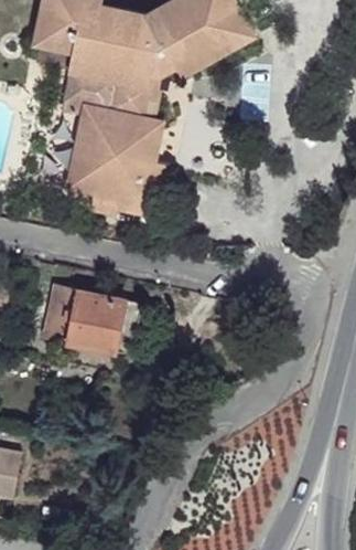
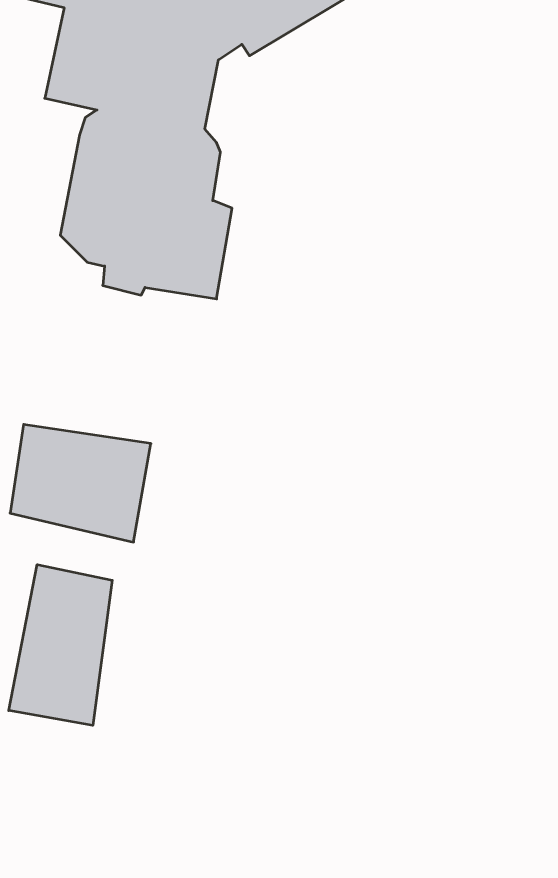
building: none -> [9,565,112,725]

